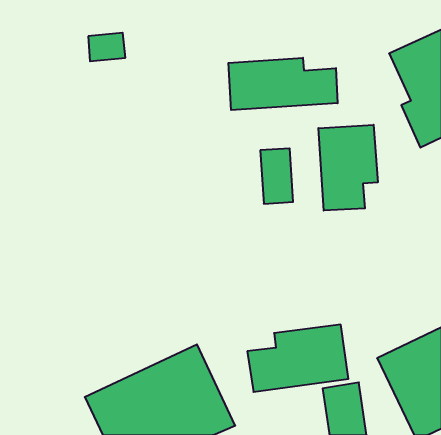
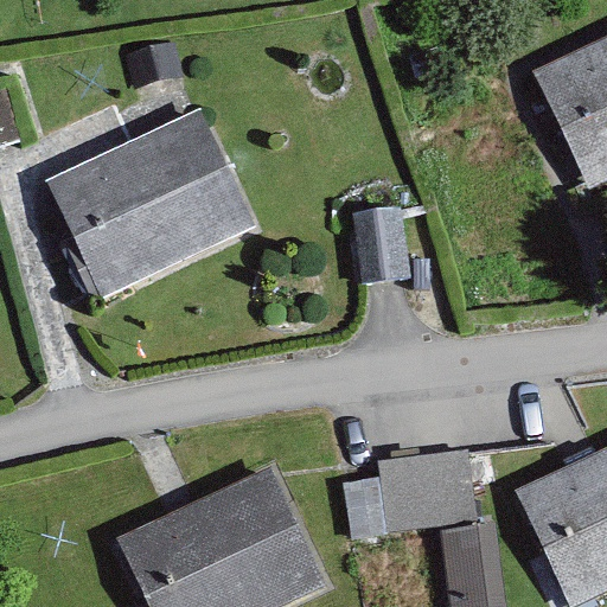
building: [228,58,338,110] -> none
building: none -> [52,110,255,299]
building: [318,125,378,211] -> none

